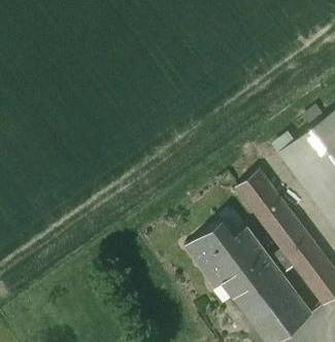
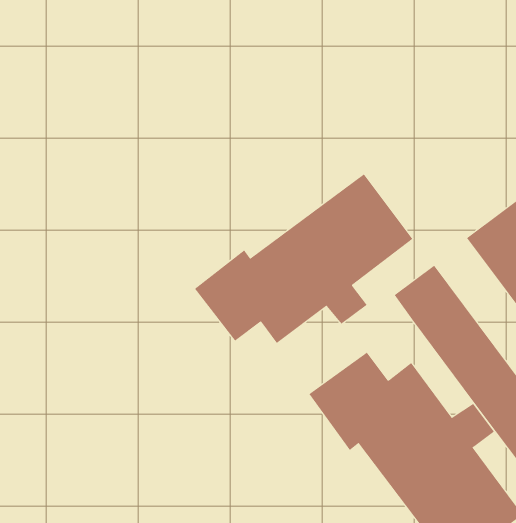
building: none -> [194,174,413,344]

